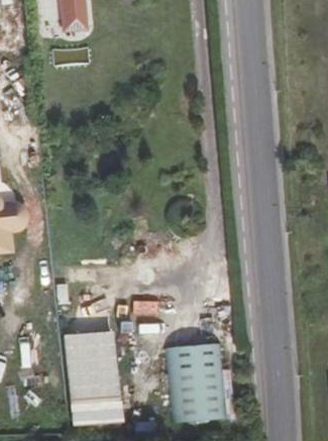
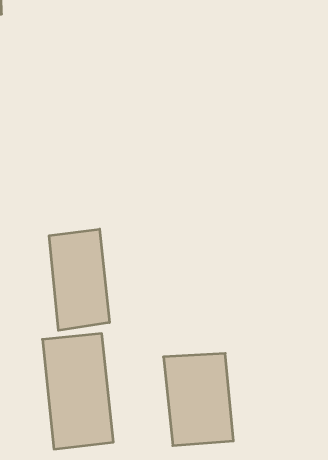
building: none -> [49,229,109,330]

